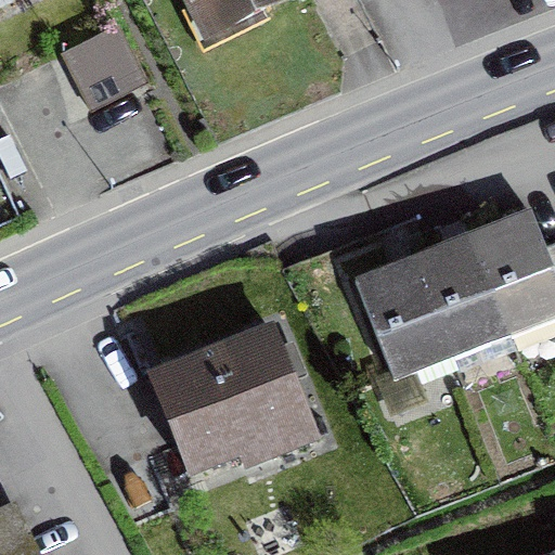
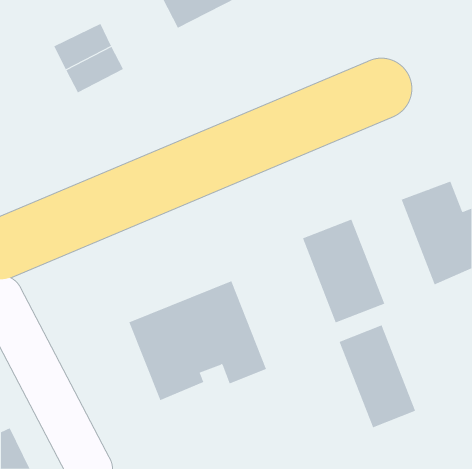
building: [413,234,509,357] -> none
building: none -> [339,325,416,428]

